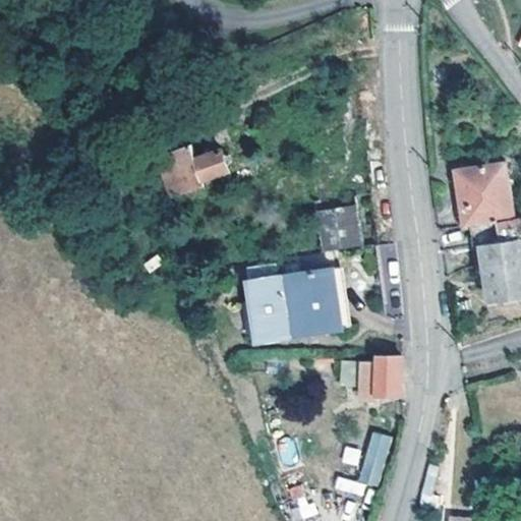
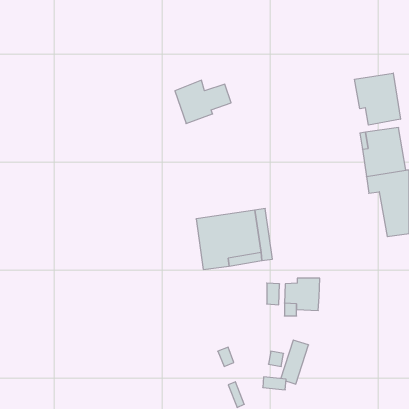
building: none -> [355,73,400,125]
building: [157,144,228,199] -> [175,80,231,124]
building: [313,207,359,251] -> none

